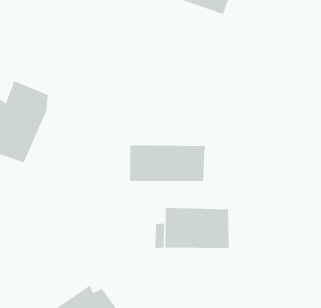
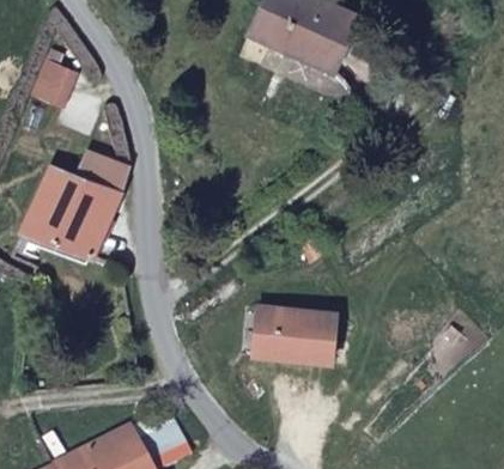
building: [129,145,205,182] -> none

